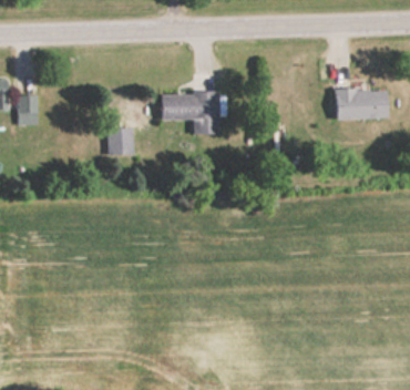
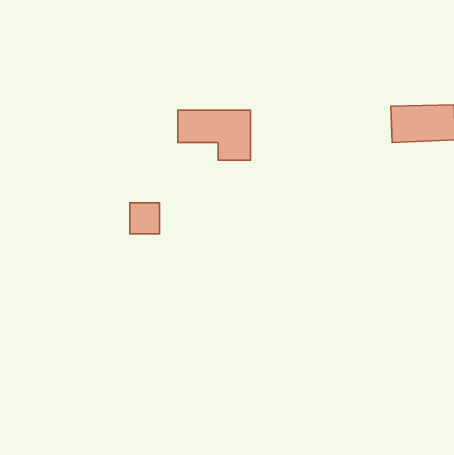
building: [19,95,39,125] -> none
building: [109,129,133,154] -> [130,203,159,234]

